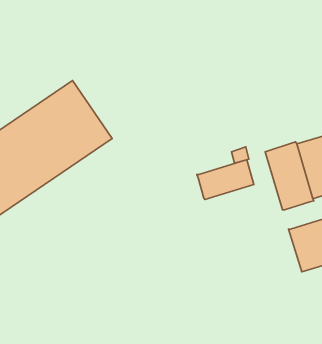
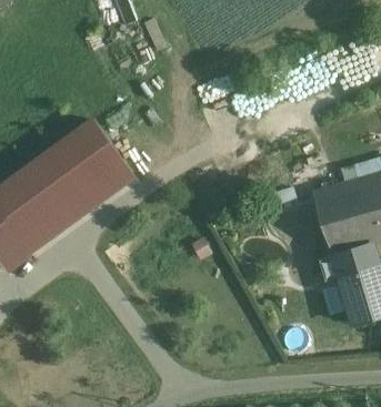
building: [197,160,254,200] -> none
building: none -> [332,246,367,276]

